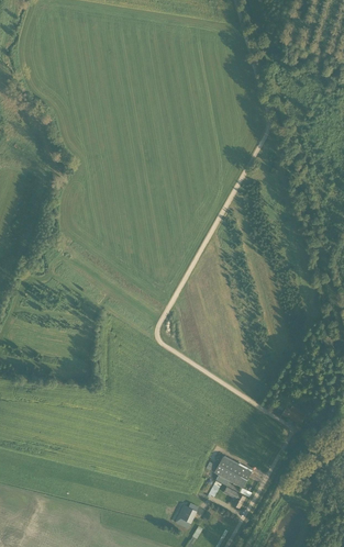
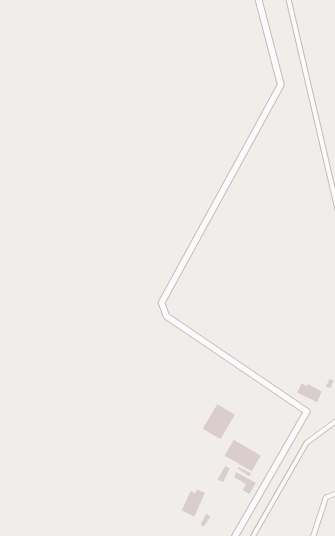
building: none -> [202,403,236,440]

